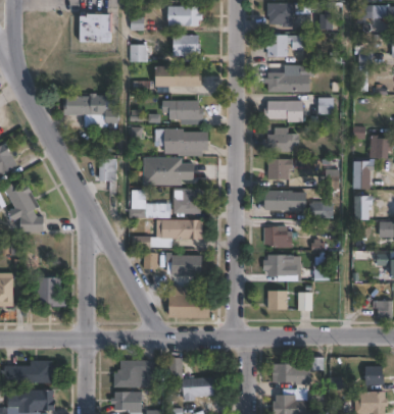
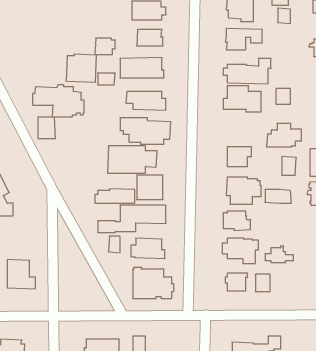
building: [80,13,111,43] -> [66,54,96,82]
building: [262,127,299,152] -> [266,123,301,147]
building: [98,159,116,182] -> [38,117,55,138]

